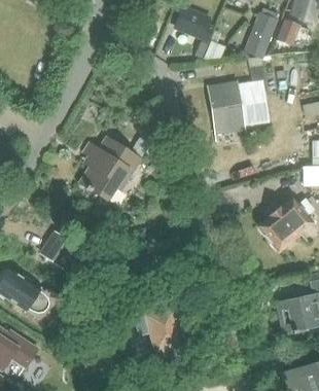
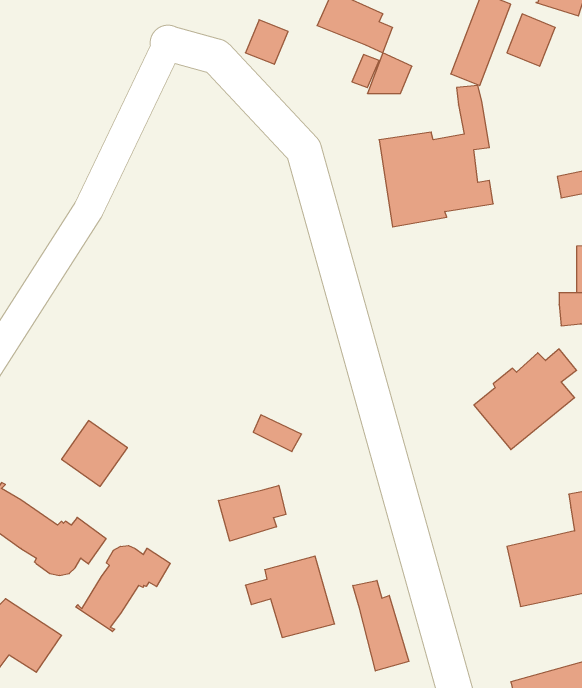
building: [79,136,140,200] -> none
building: none -> [218,485,286,541]
building: none -> [76,546,170,632]
building: none -> [353,580,409,671]

